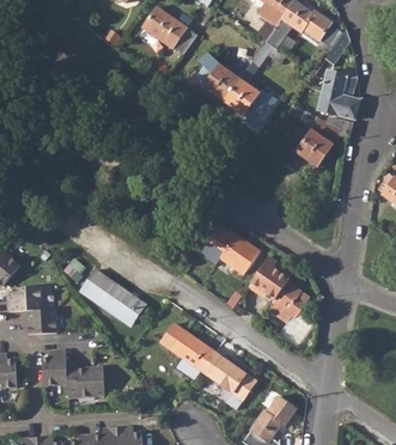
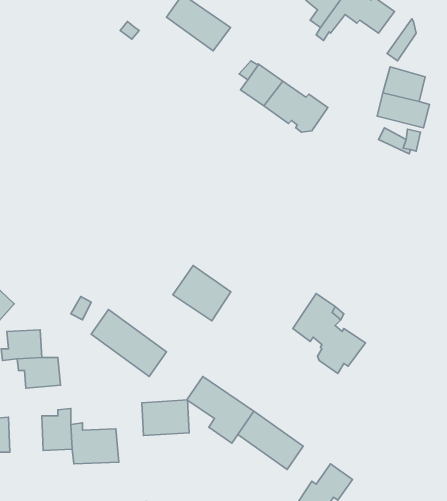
building: [297,129,331,165] -> none
building: [209,227,257,273] -> [173,266,231,321]
building: none -> [142,400,189,436]

